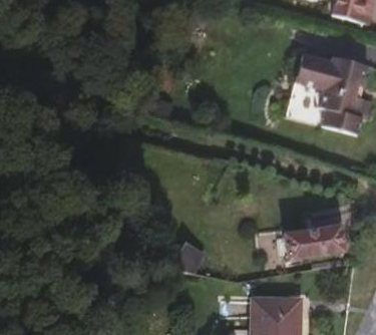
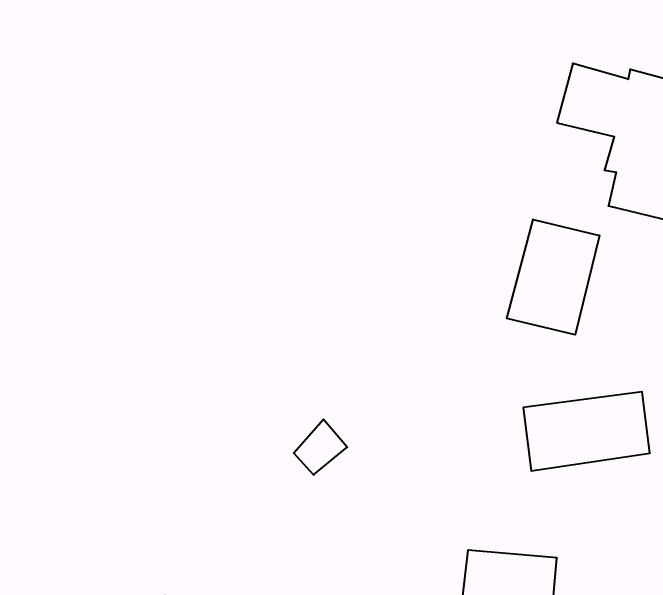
building: none -> [507,219,599,335]

